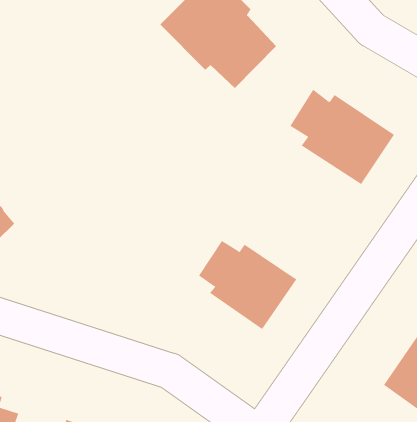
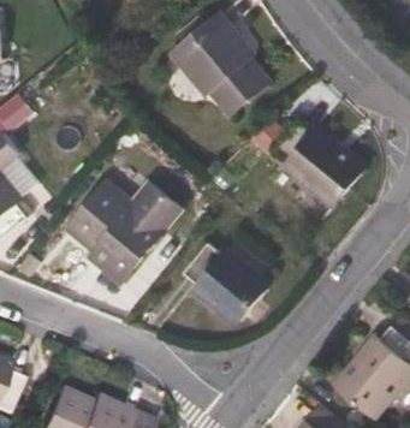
building: none -> [66,179,183,283]

